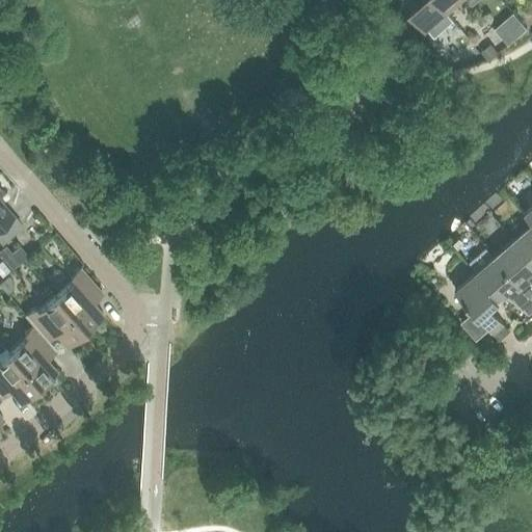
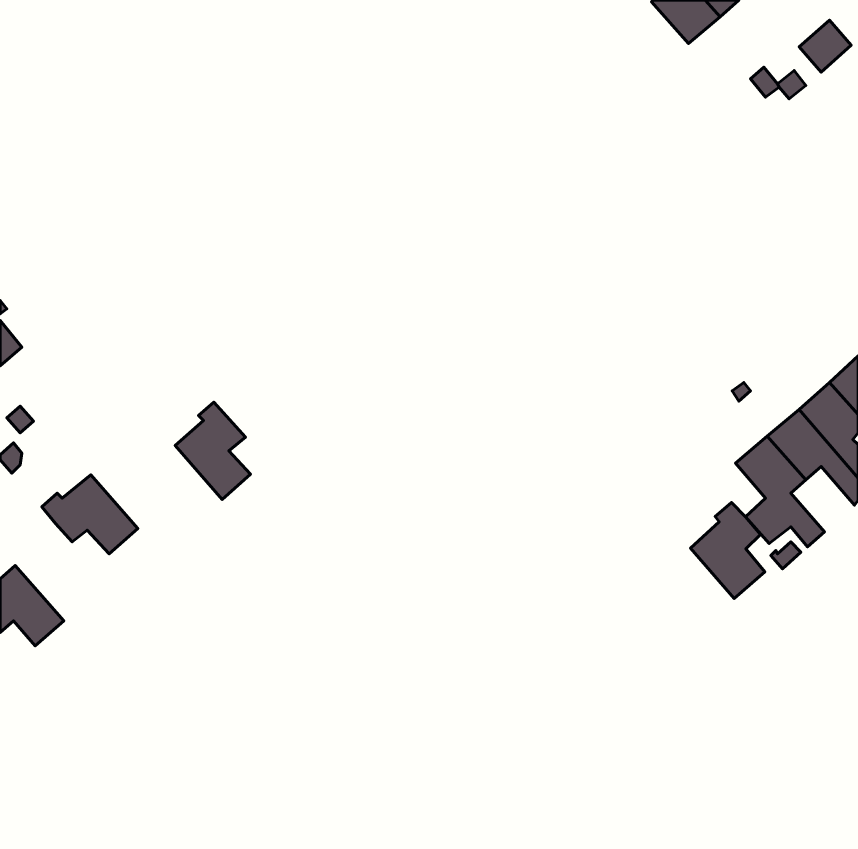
building: [56,272,103,332] -> [175,402,251,499]
building: none -> [690,502,765,598]
building: [9,329,57,390] -> none

